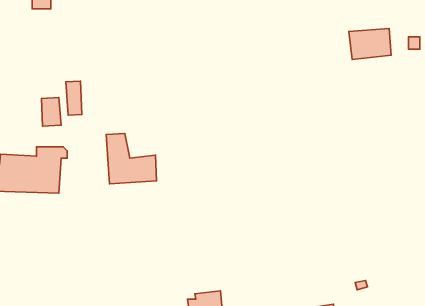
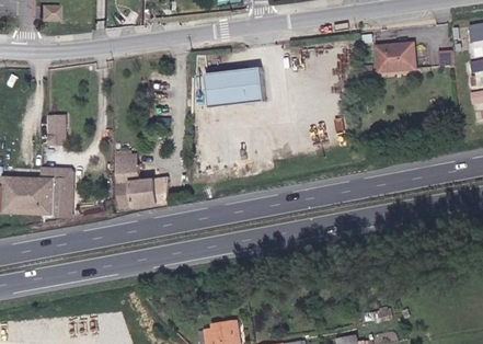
building: none -> [207,65,268,106]
building: [66,81,82,115] -> none

